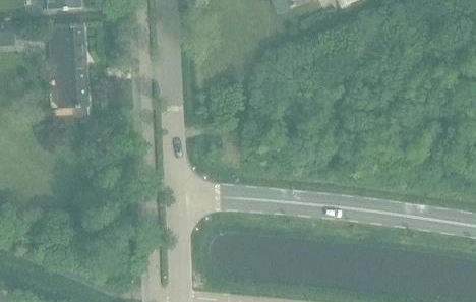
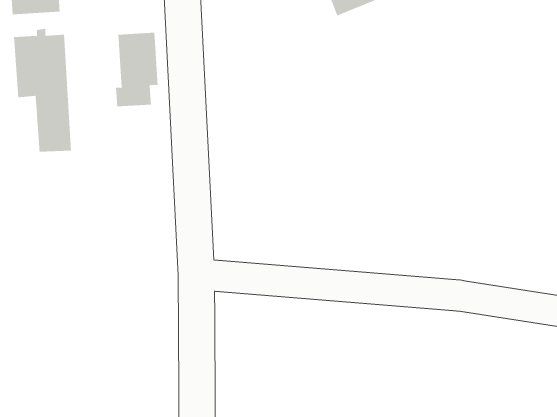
building: none -> [115,32,158,107]

